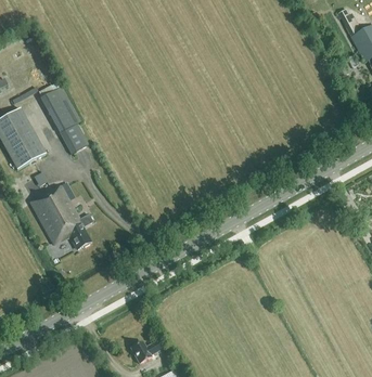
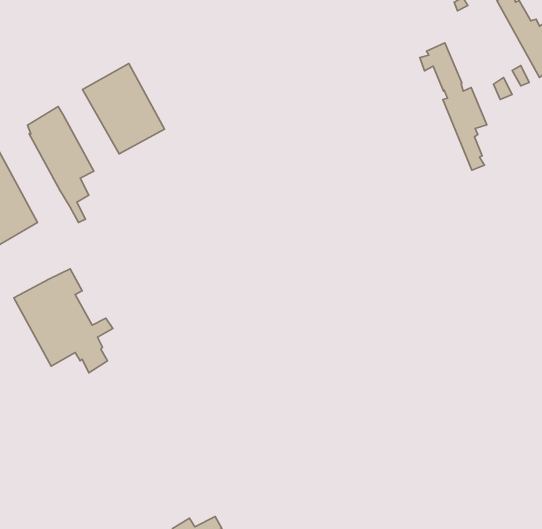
building: none -> [420,43,487,170]
building: none -> [82,64,165,154]

